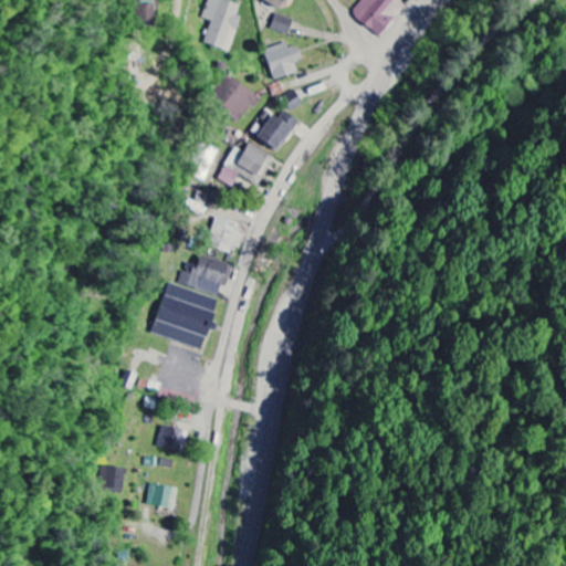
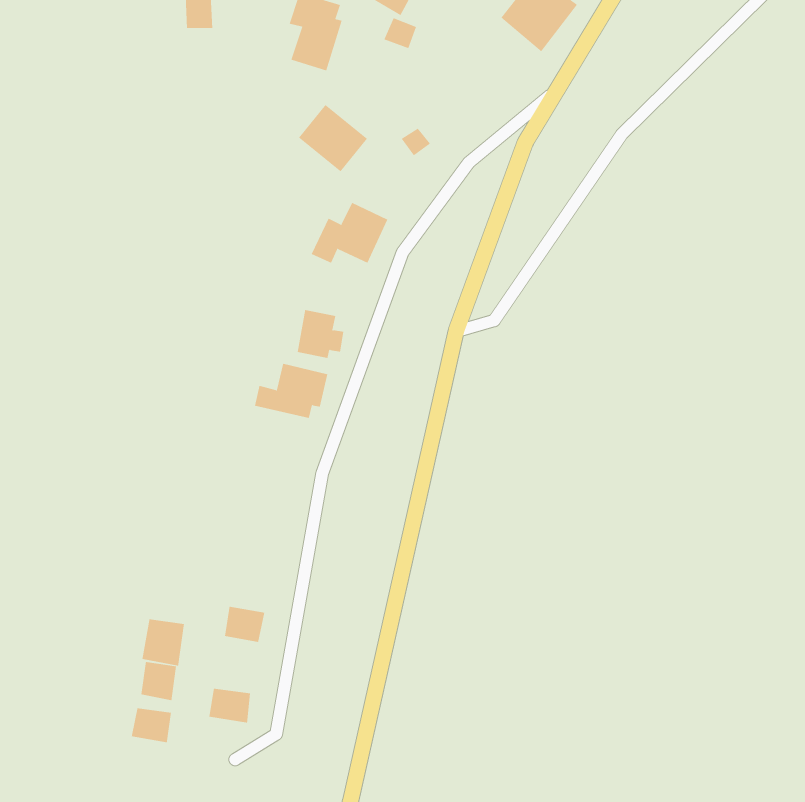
building: [262,41,301,78] -> none
building: [250,109,298,151] -> none
building: [153,282,217,347] -> none
building: none -> [142,619,185,667]
building: none -> [131,707,172,743]

